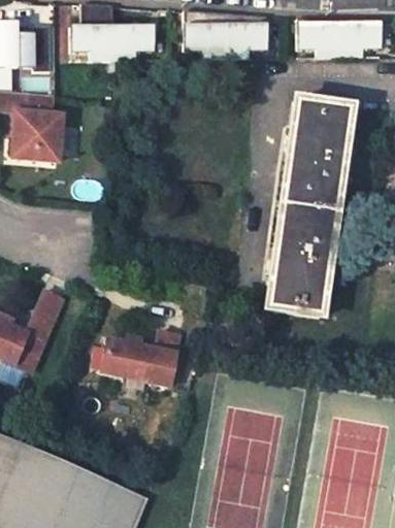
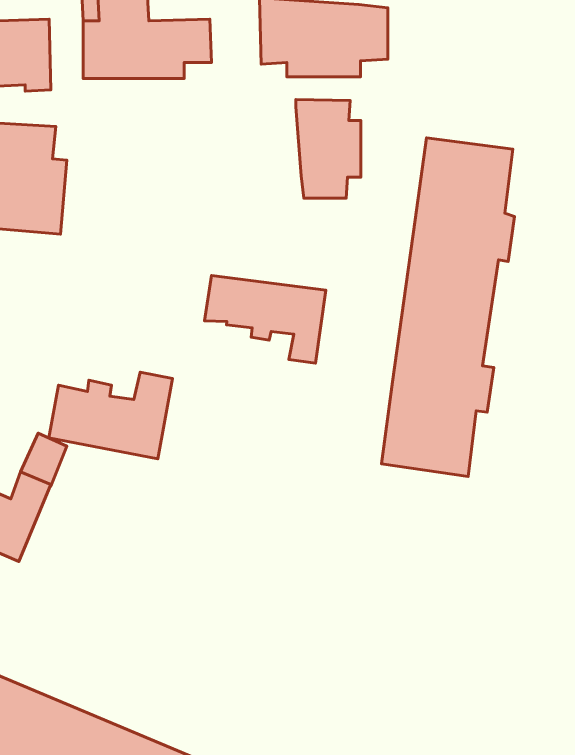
building: [301,19,384,60] -> none
building: none -> [296,99,361,198]
building: none -> [204,275,326,363]
building: [100,330,179,386] -> [49,372,172,459]

